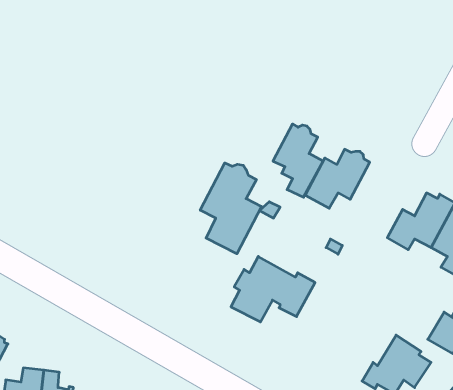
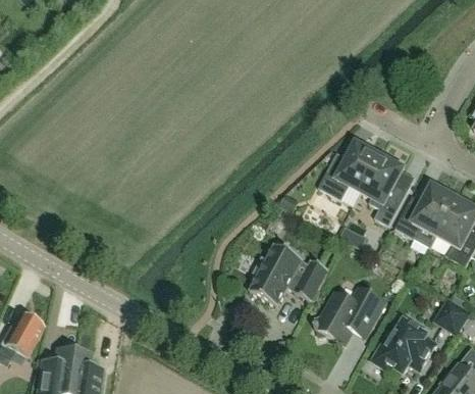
building: [273,124,323,197] -> [362,155,409,224]
building: [200,163,261,254] -> none
building: none -> [315,288,385,342]

